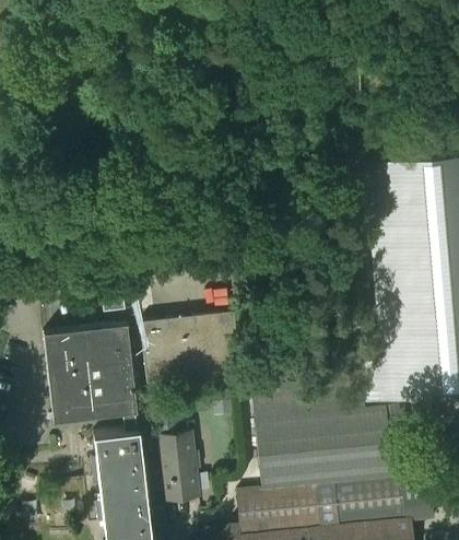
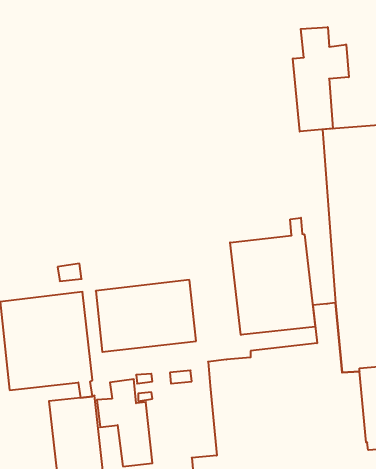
building: none -> [293,27,349,132]
building: none -> [230,218,315,335]

